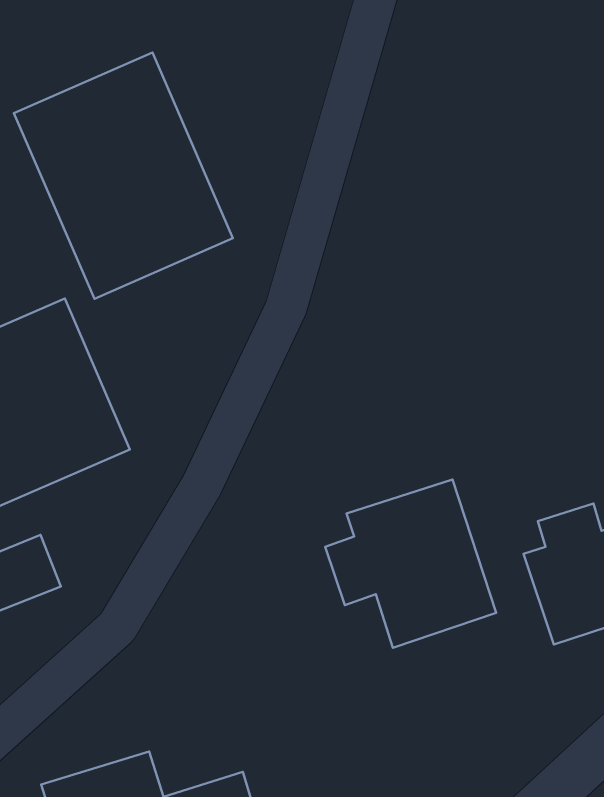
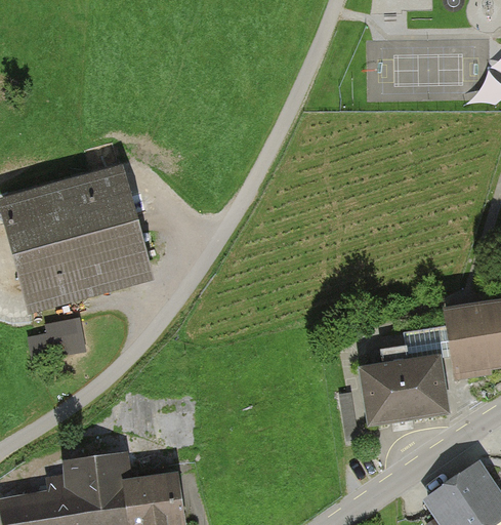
building: [14,53,233,299] -> none
building: [325,479,496,648] -> none

